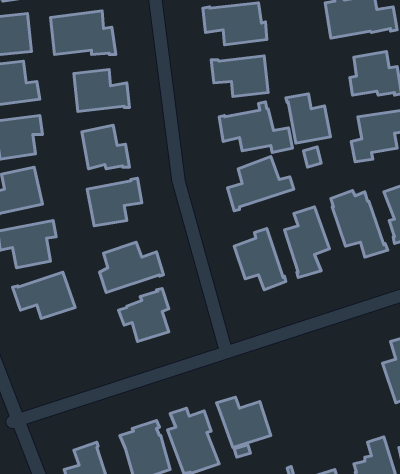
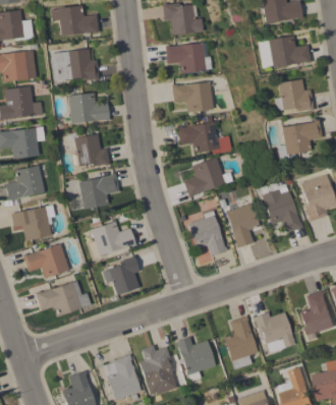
building: [286,94,331,143] -> none
building: none -> [36,281,91,316]
building: none -> [253,311,295,350]
building: none -> [223,315,258,369]

